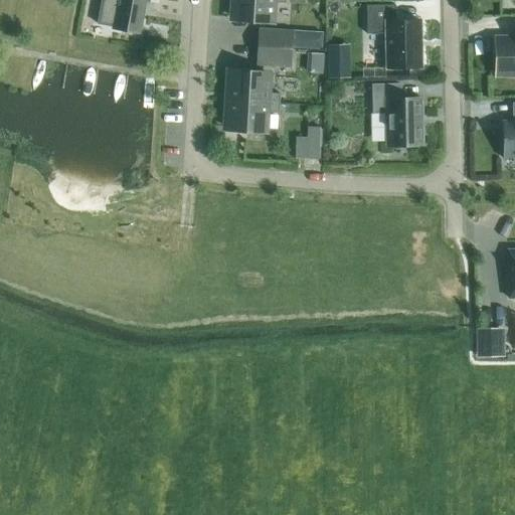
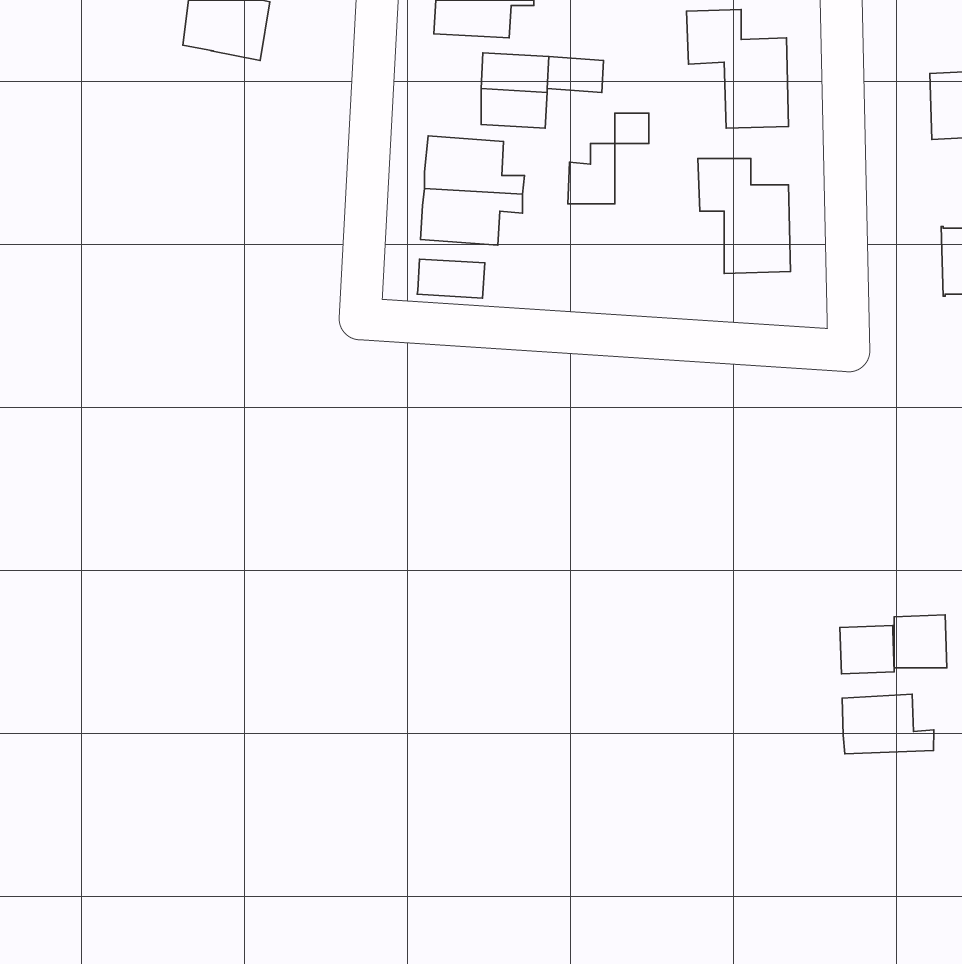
building: [296,127,321,159] -> [568,143,615,204]
building: none -> [417,259,485,298]
building: none -> [840,626,894,674]
building: none -> [842,694,934,754]

